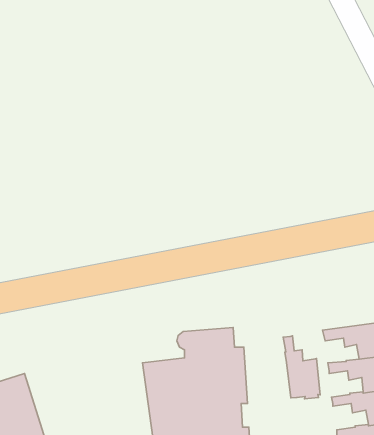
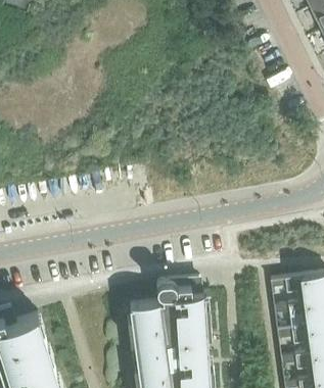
building: [283,336,320,399] -> none

